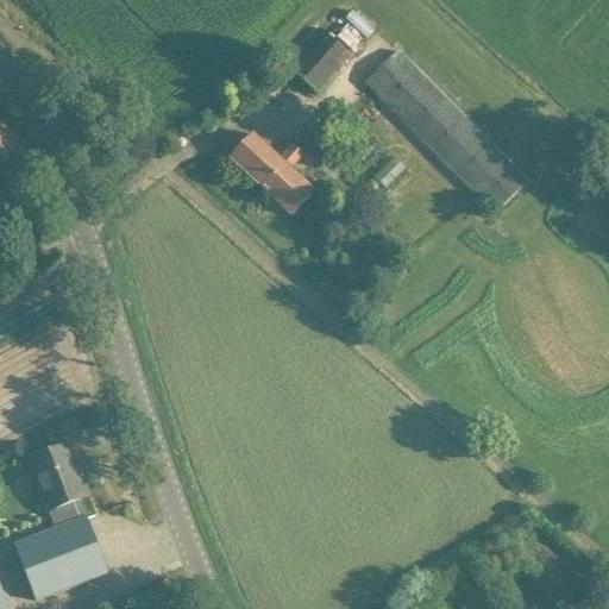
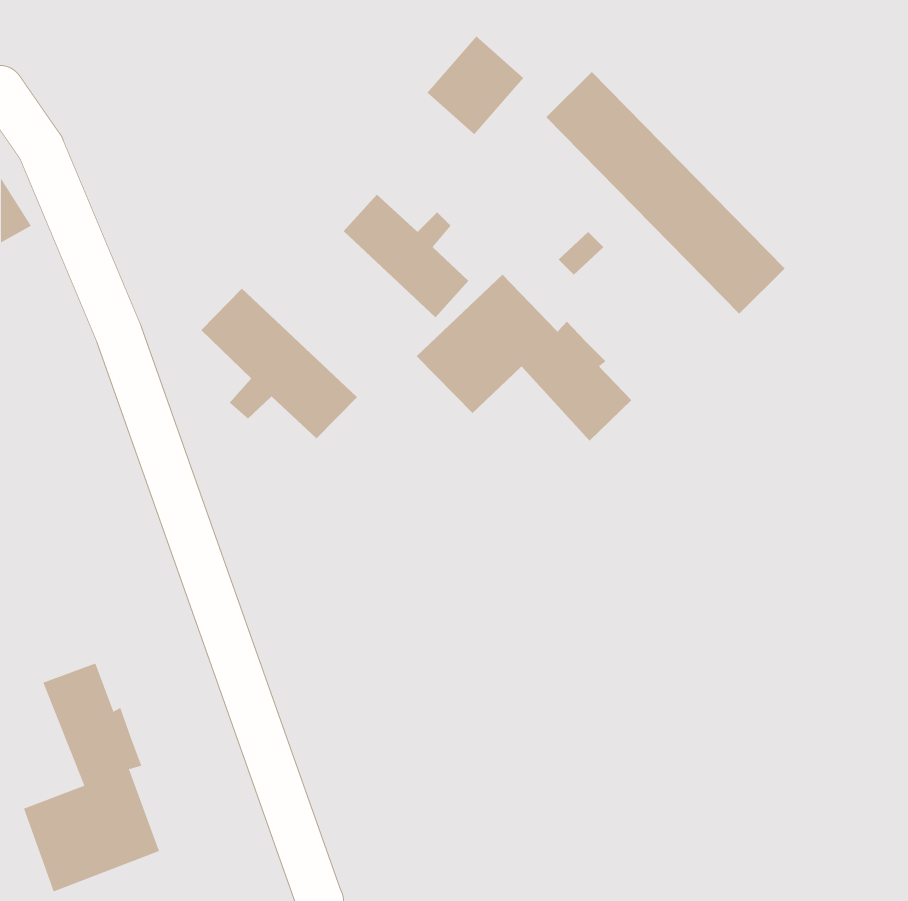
building: none -> [416,274,632,442]
building: none -> [201,288,358,439]

